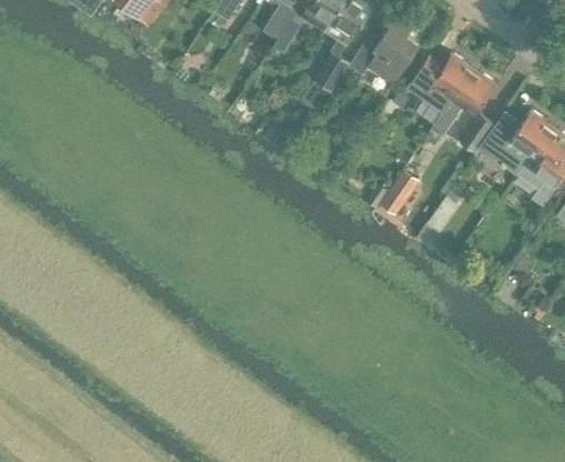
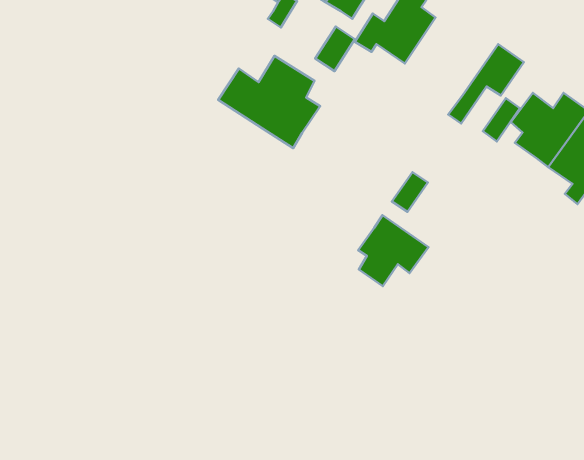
building: [405,53,473,113] -> none
building: none -> [218,56,320,148]
building: none -> [358,215,428,286]

